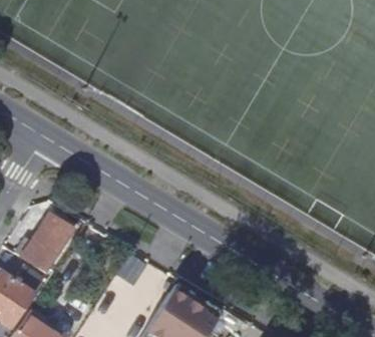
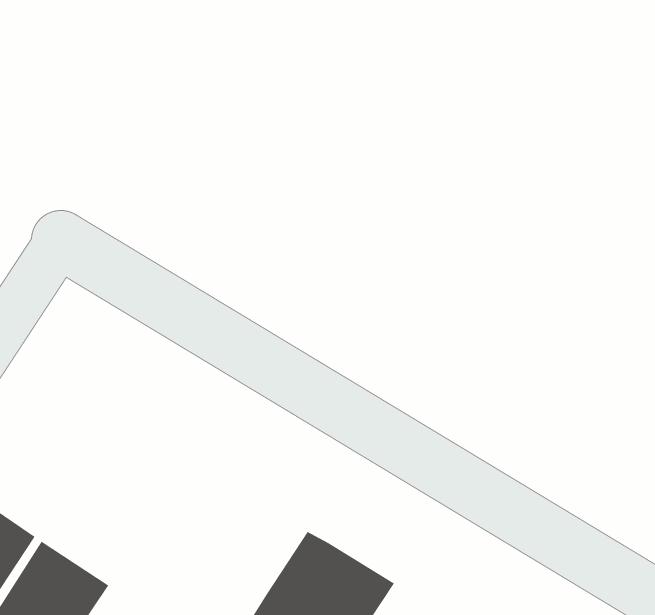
building: [21,214,73,272] -> none

